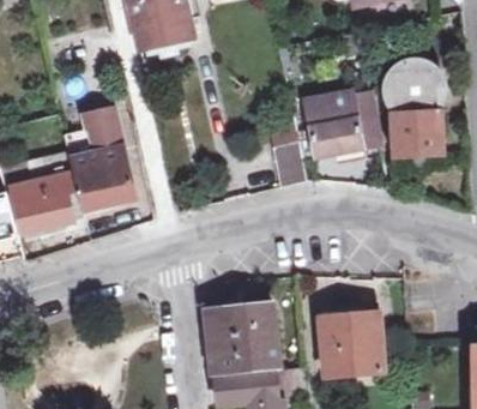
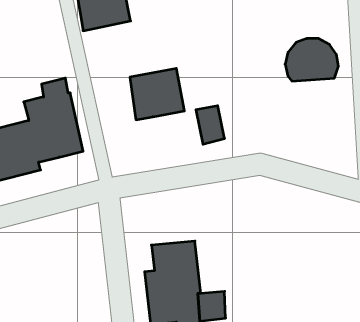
building: [307,92,373,155] -> [130,68,184,120]
building: [387,109,442,156] -> none
building: [318,305,380,374] -> none

